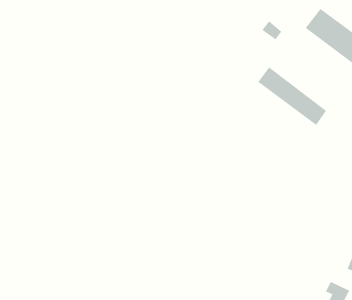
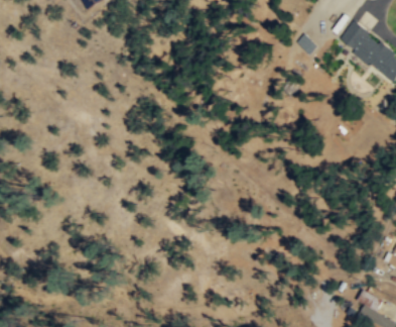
building: [258,67,327,126] -> none

